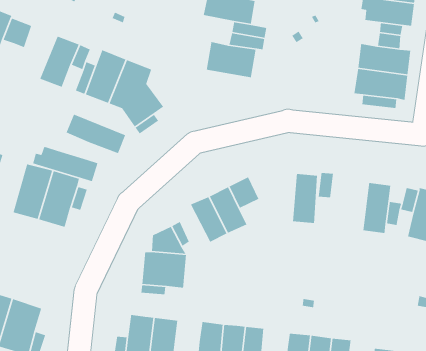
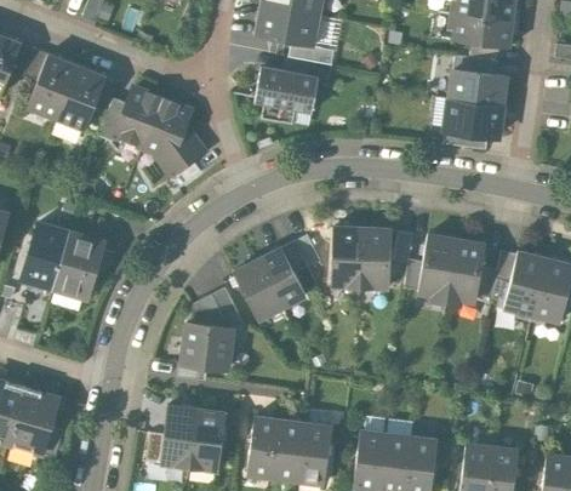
building: none -> [24,51,75,116]
building: [66,114,126,154] -> none
building: [32,146,98,182] -> none
building: none -> [336,230,367,291]
building: none -> [421,239,456,302]

